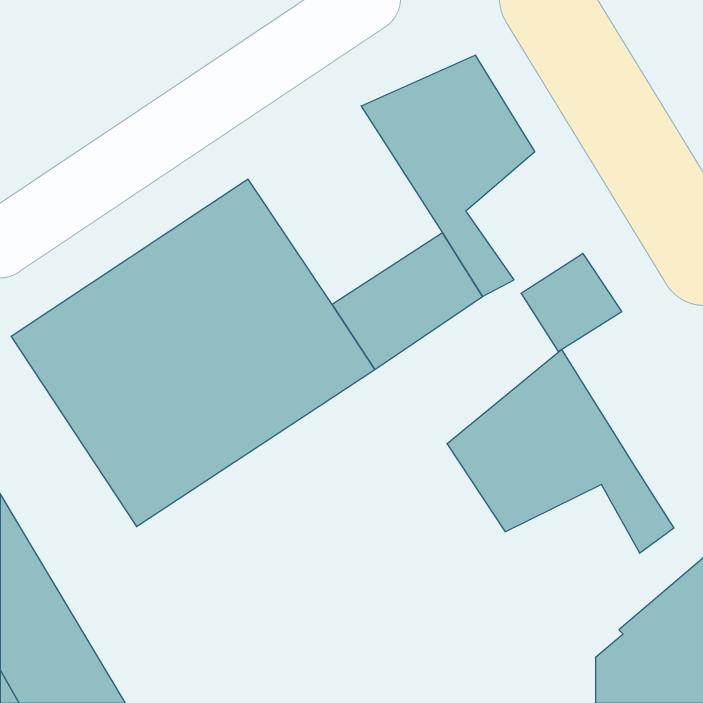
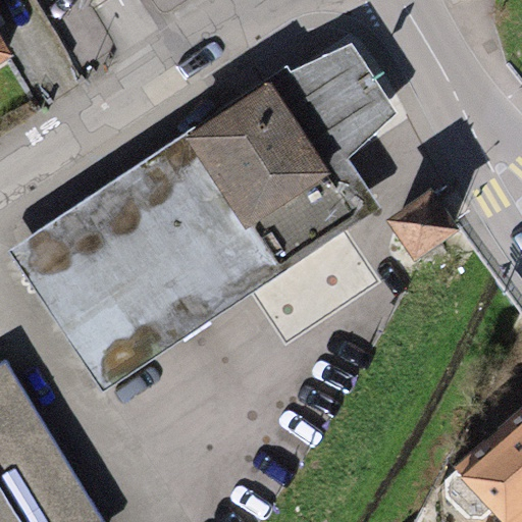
building: none -> [185,79,328,225]
building: [447,350,674,553] -> none

